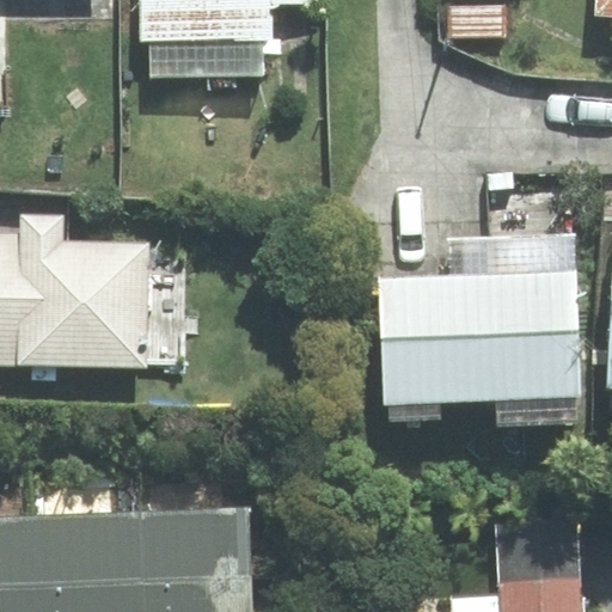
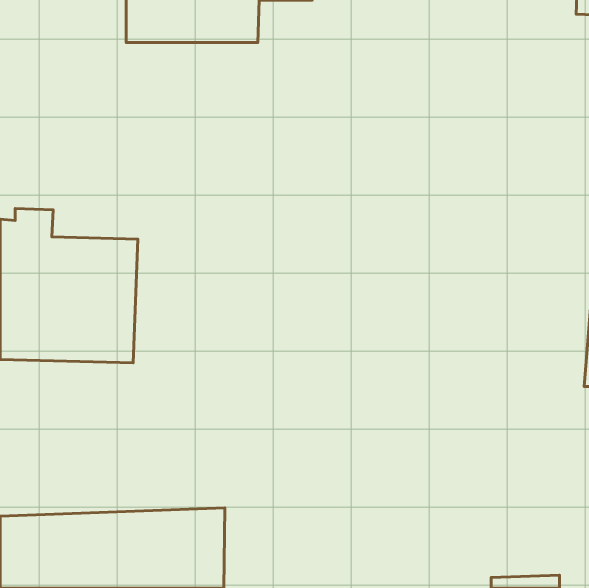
building: [381,271,576,409] -> none

